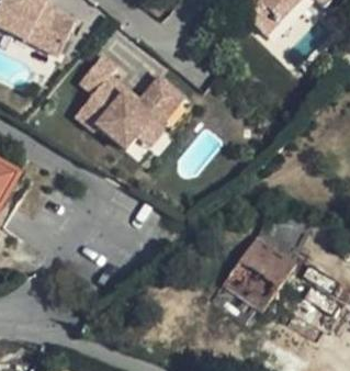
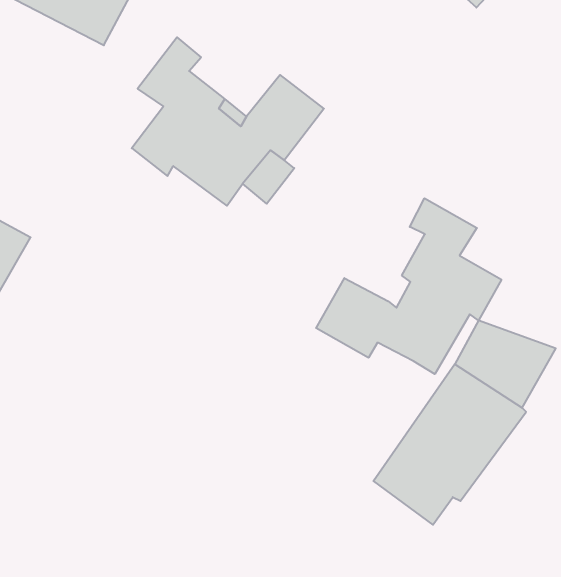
building: none -> [316,198,501,374]

